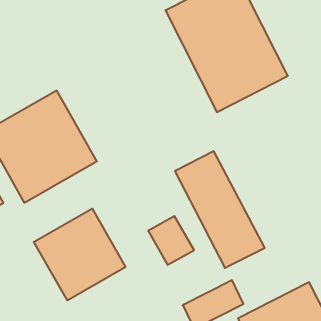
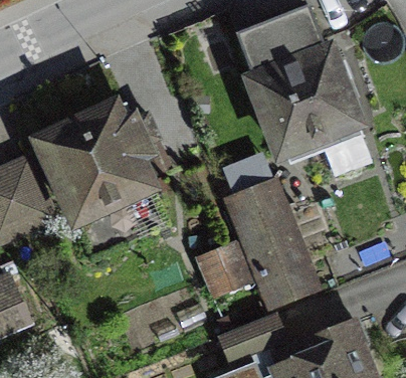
building: [34,209,125,300] -> none

